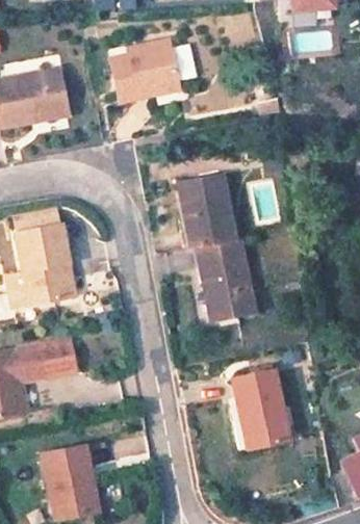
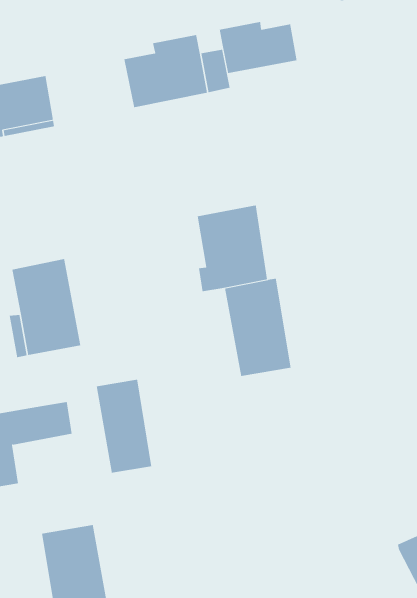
building: none -> [219,21,297,74]
building: none -> [96,379,152,474]
building: [232,373,289,462] -> none

